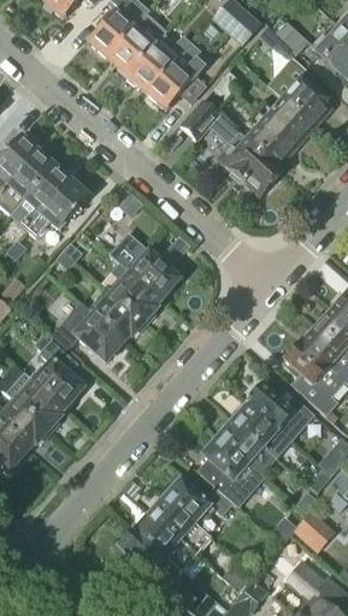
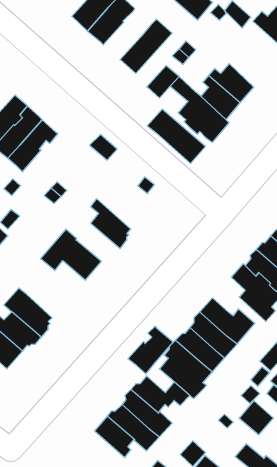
building: [128,32,193,93] -> none
building: [267,58,330,126] -> none
building: [29,183,88,236] -> none
building: [108,233,179,300] -> [147,109,205,163]
building: [94,292,148,339] -> none
building: [34,334,84,408] -> none
building: none -> [128,326,173,374]

